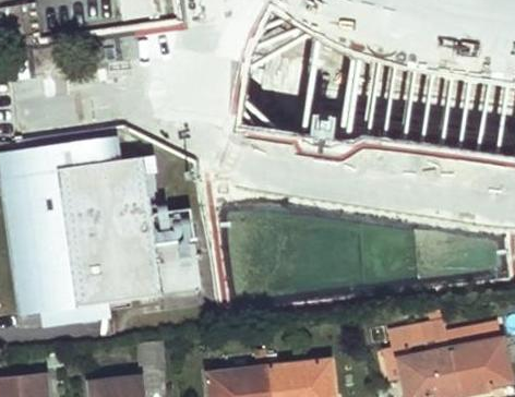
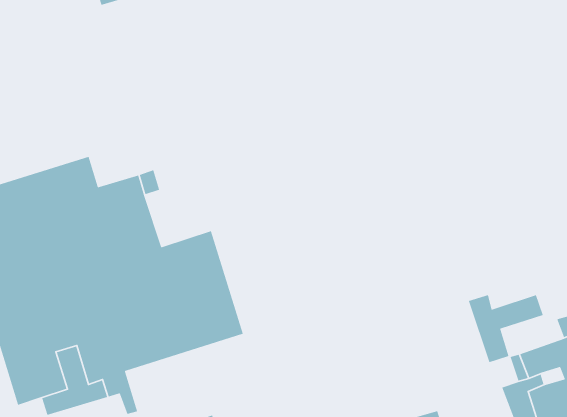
building: none -> [468,294,544,363]

